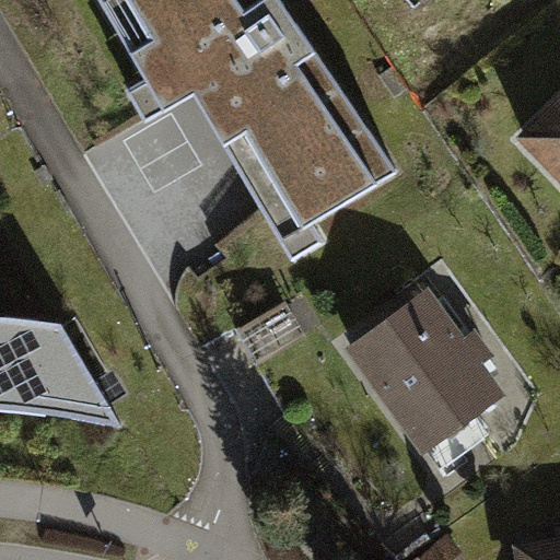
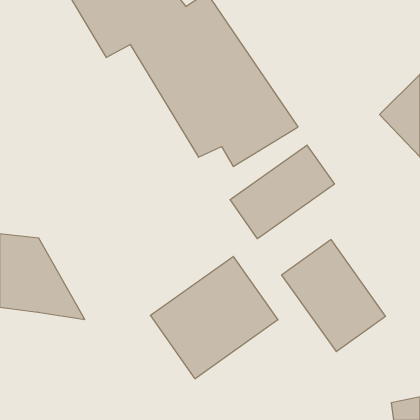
building: none -> [230,145,334,239]
building: none -> [150,256,278,379]

